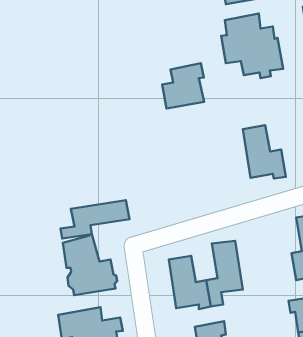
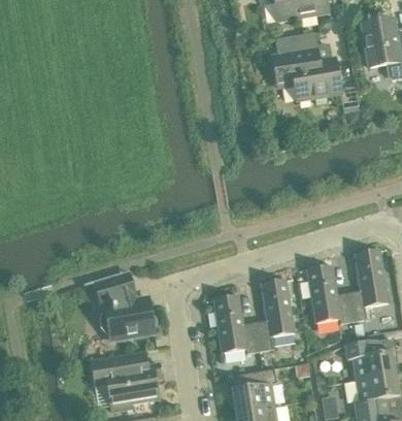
building: [162,63,204,109] -> none
building: [243,125,286,179] -> [307,266,355,325]
building: [61,200,130,238] -> none

